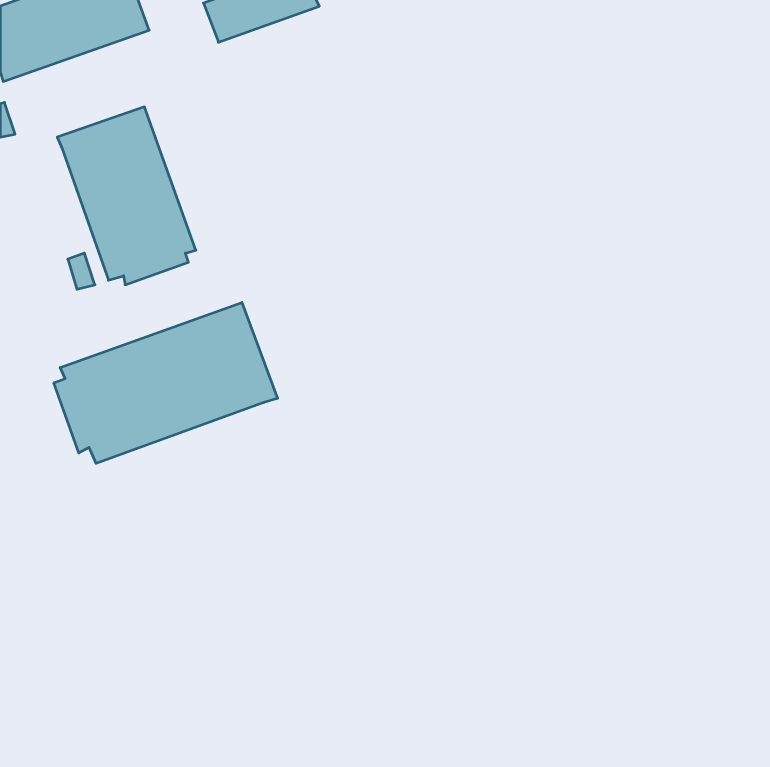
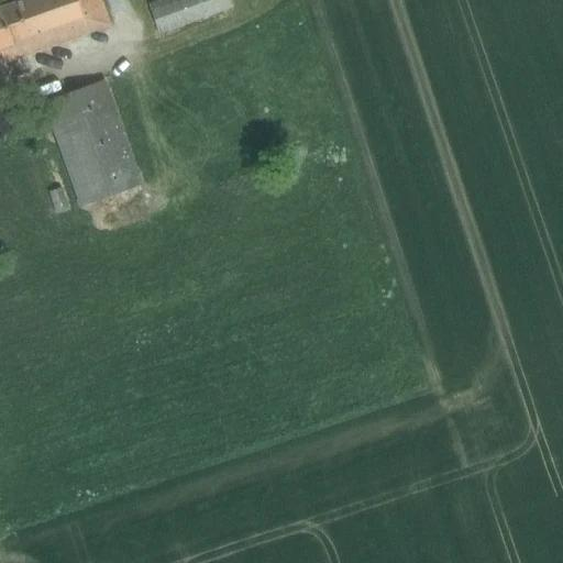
building: [54,302,278,463] -> none

